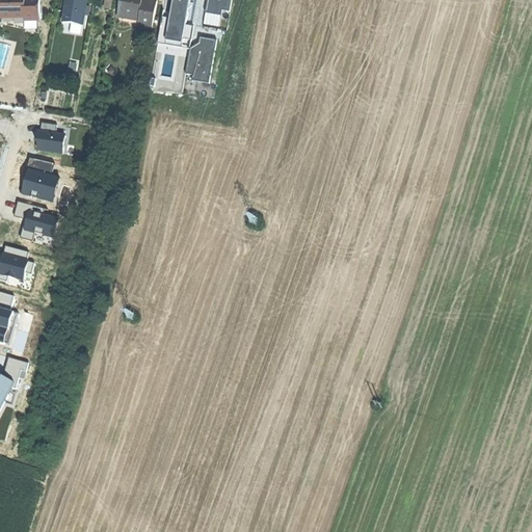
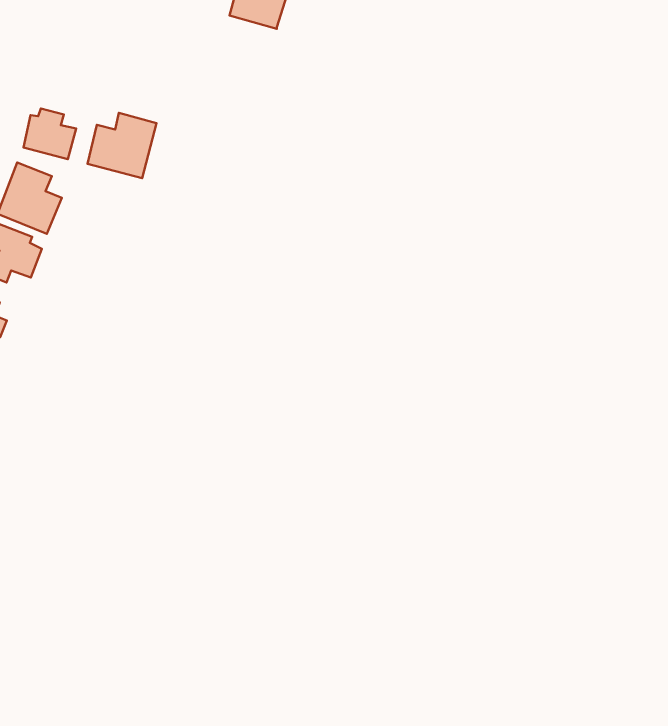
building: [185,36,217,83] -> none
building: none -> [88,113,157,178]

